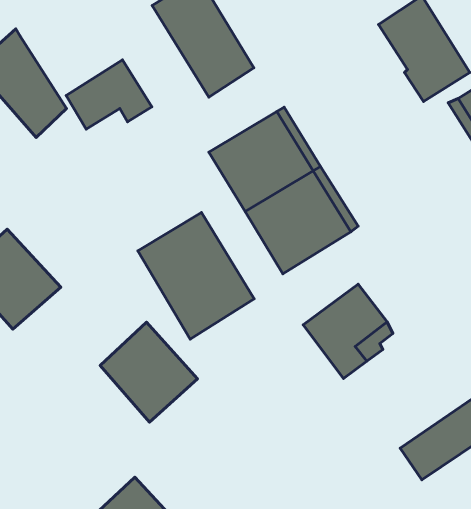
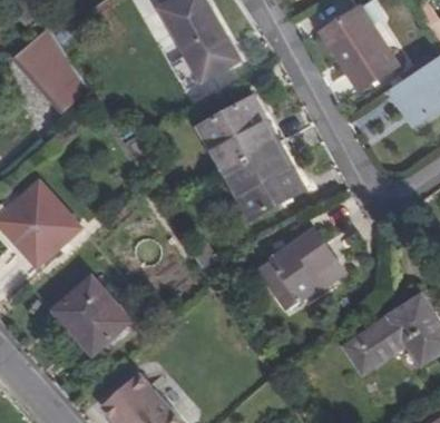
building: [66,60,152,129] -> none
building: [138,212,254,339] -> none
building: [100,322,197,422] -> [53,278,128,355]

